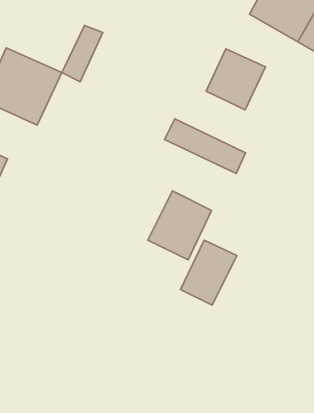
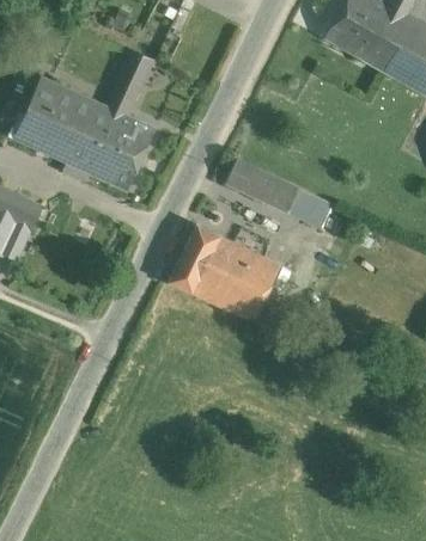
building: [206,49,265,110] -> none
building: none -> [78,106,154,190]
building: [180,240,237,305] -> [170,226,236,301]

